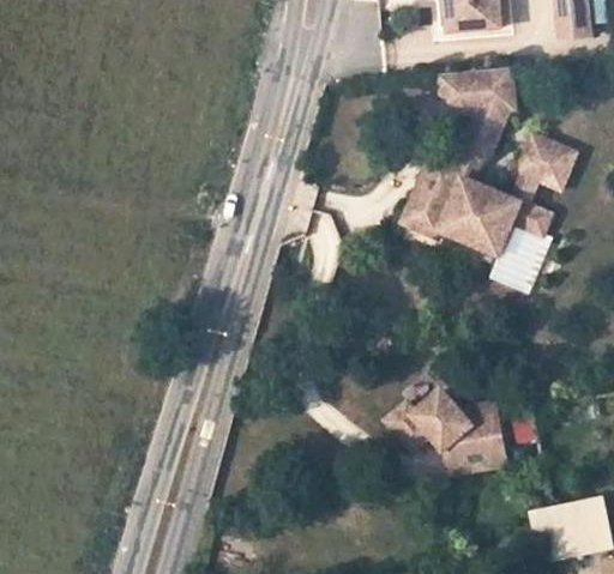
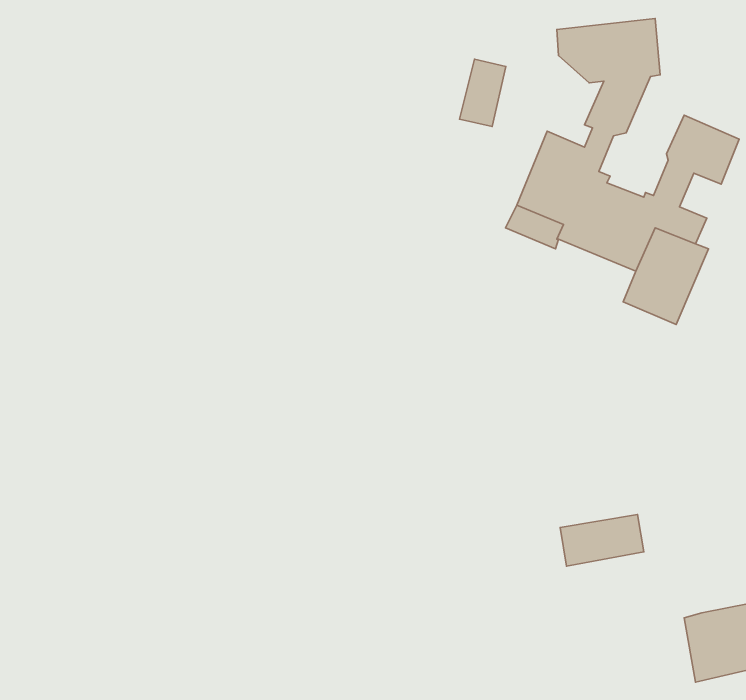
building: none -> [459,59,506,127]
building: [386,388,500,447] -> none

